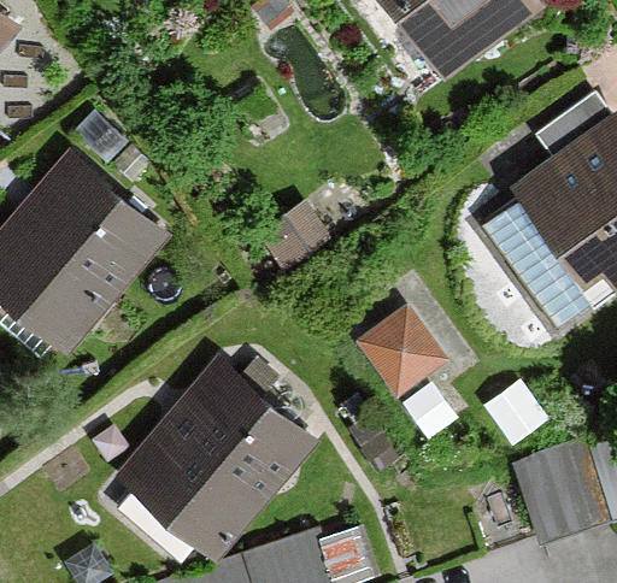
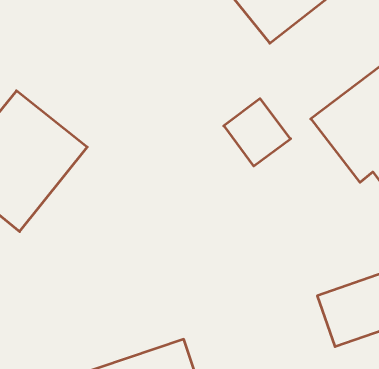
building: [353,292,453,393] -> [224,99,291,166]
building: [116,353,316,555] -> none

